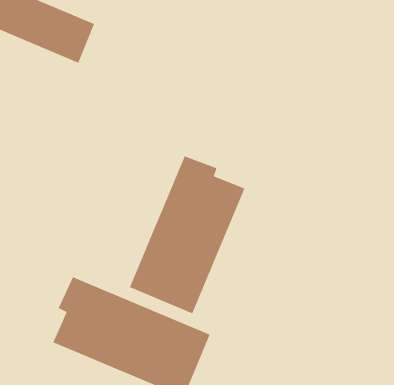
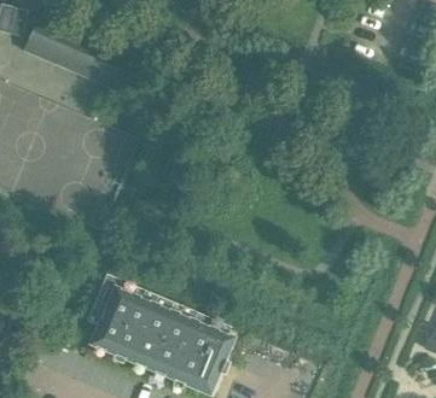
building: [129,155,245,314] -> none

